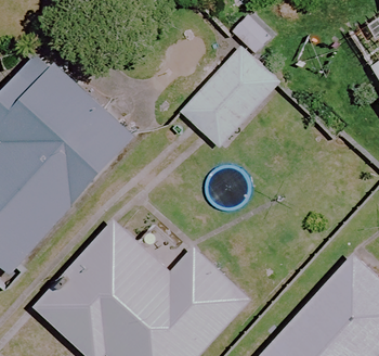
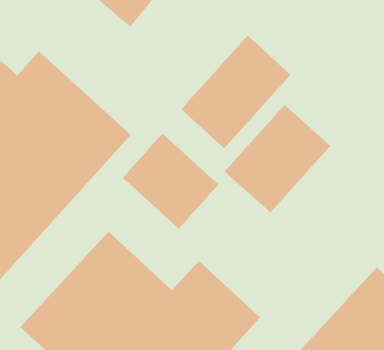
building: none -> [224,104,331,213]
building: none -> [122,133,219,229]

